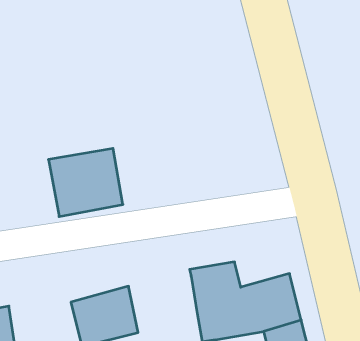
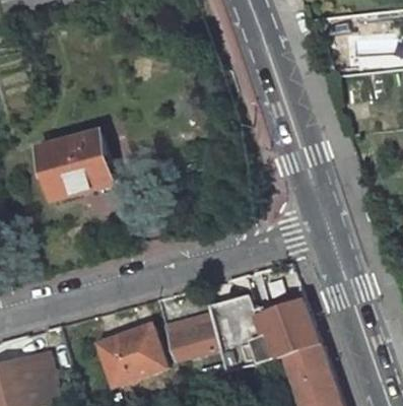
building: [48,148,123,217] -> [38,129,112,198]
building: none -> [166,313,218,359]

